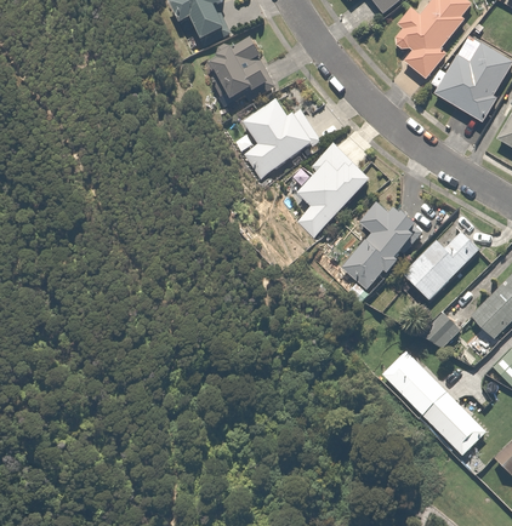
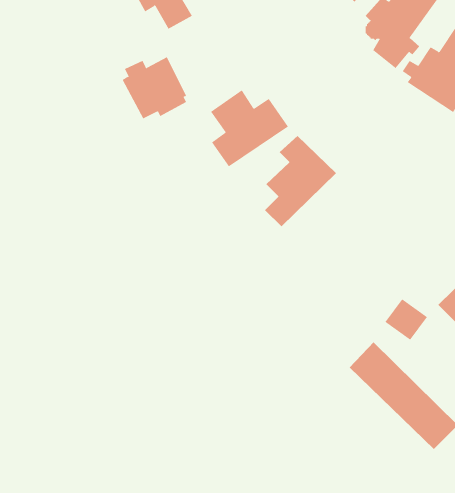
building: [207,40,272,102] -> [122,57,187,119]
building: [343,198,415,290] -> none
building: [403,233,479,301] -> none

